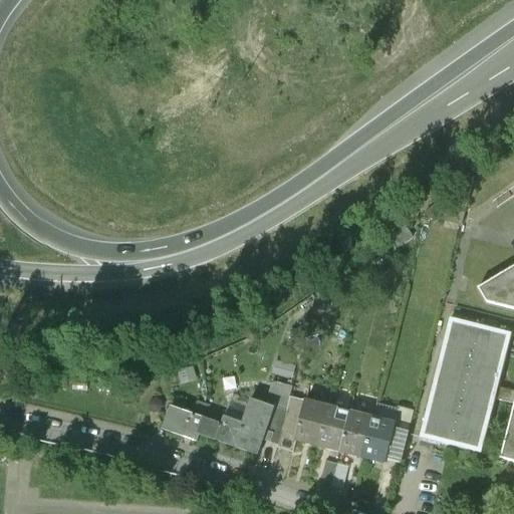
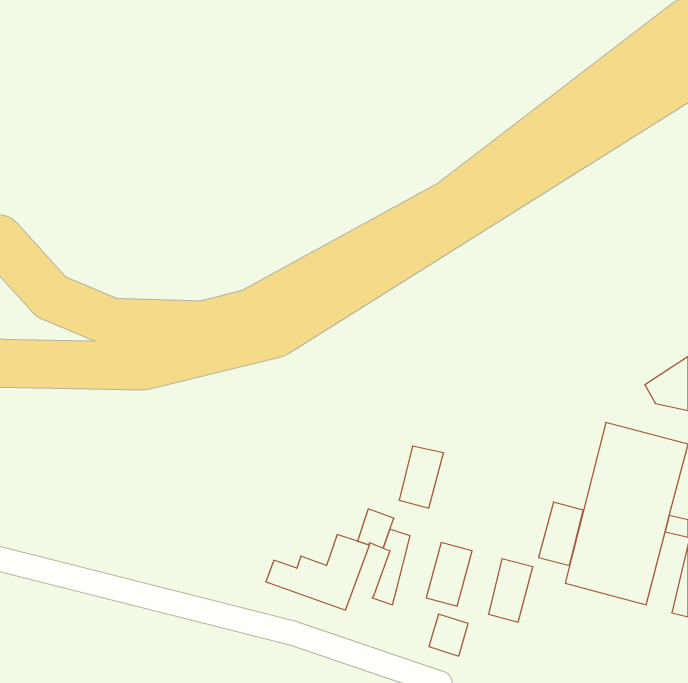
building: [295,399,328,445] -> [399,446,444,508]
building: [263,404,290,443] -> none
building: [164,405,204,440] -> none
building: [340,410,373,457] -> [539,502,583,566]

